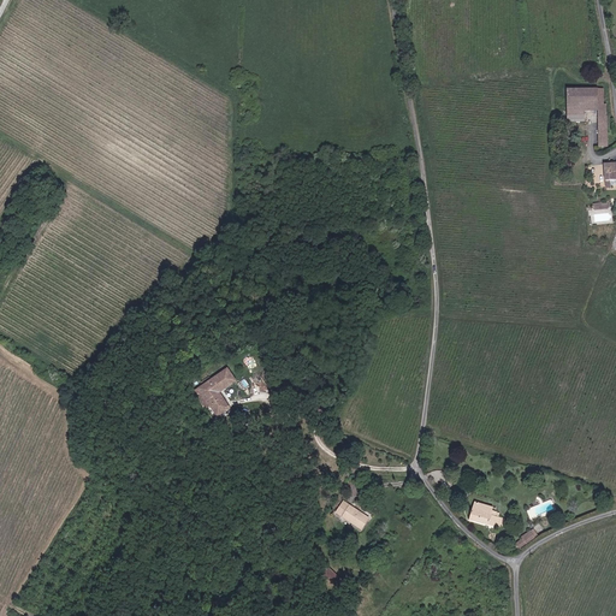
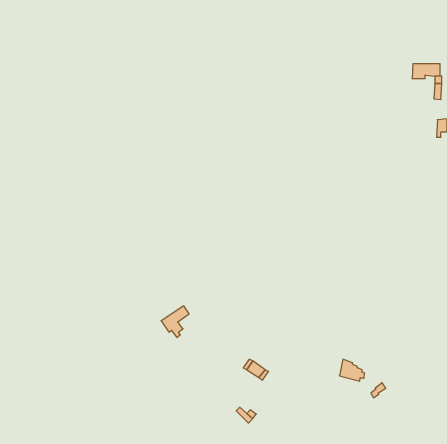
building: [192,368,231,411] -> [161,306,189,337]

